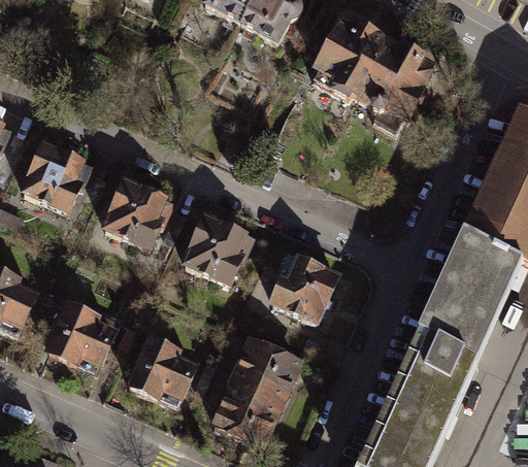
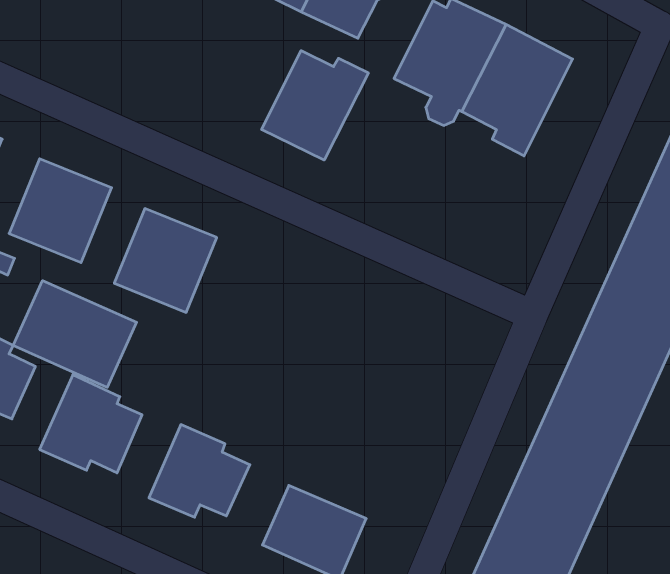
building: none -> [262,51,368,160]
building: [179,210,256,287] -> none
building: none -> [13,281,137,387]
building: [265,246,342,324] -> none
building: [228,335,304,404] -> none

